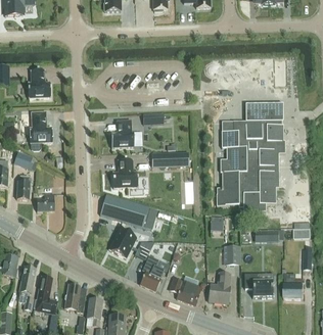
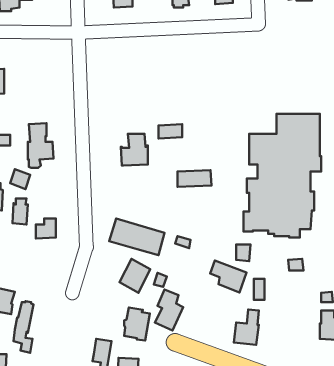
building: [28,68,50,97] -> none
building: [111,160,136,188] -> none
building: [244,273,274,296] -> none
building: [34,275,58,314] -> none
building: [170,277,201,304] -> [210,261,247,292]
building: [64,283,87,312] -> [124,308,150,341]

